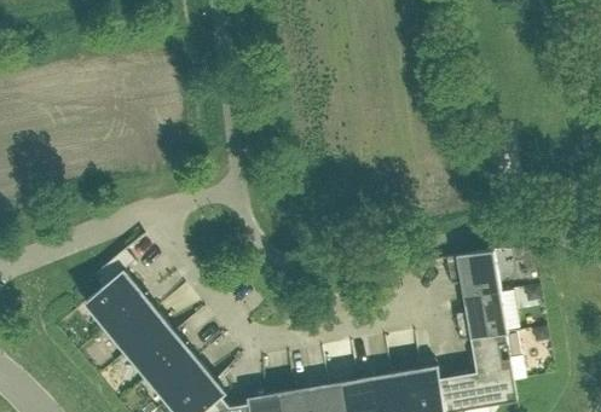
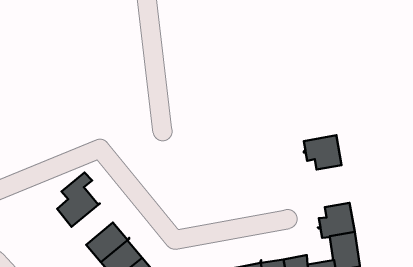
building: [446,251,499,300] -> [304,135,342,170]
building: [108,295,166,353] -> none

